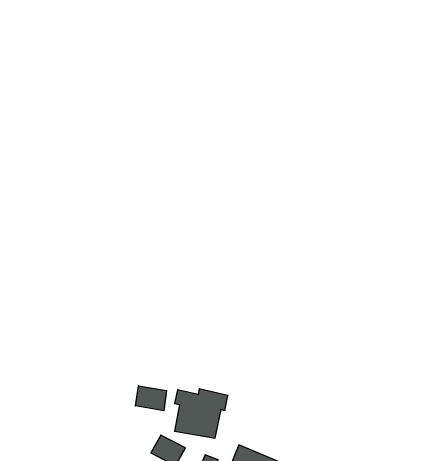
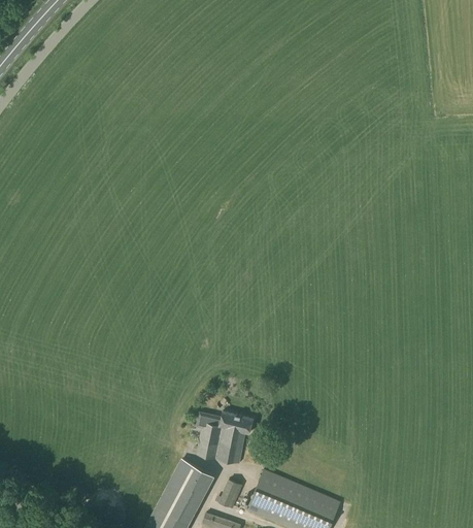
building: [135,386,167,411] -> none

